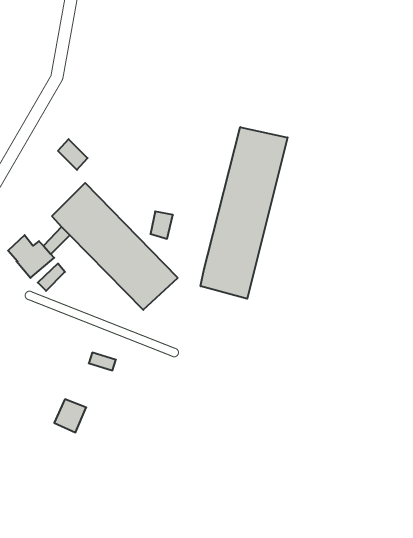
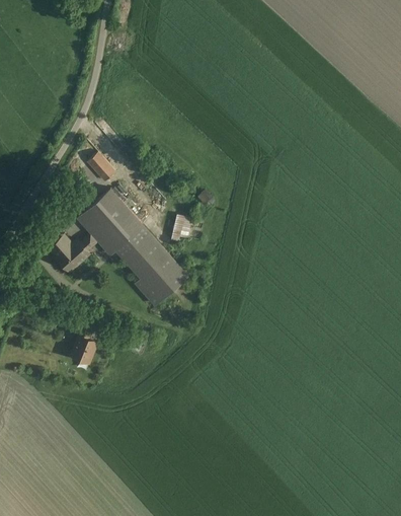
building: [201,127,288,299] -> none
building: [54,399,86,432] -> [66,338,93,366]

